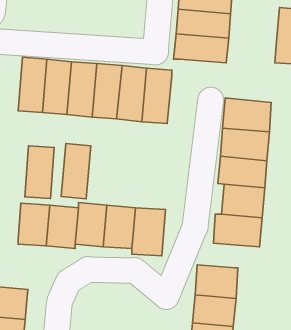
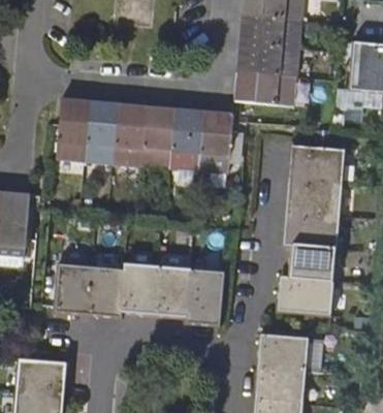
building: [61,143,91,199] -> none
building: [25,146,54,199] -> none

